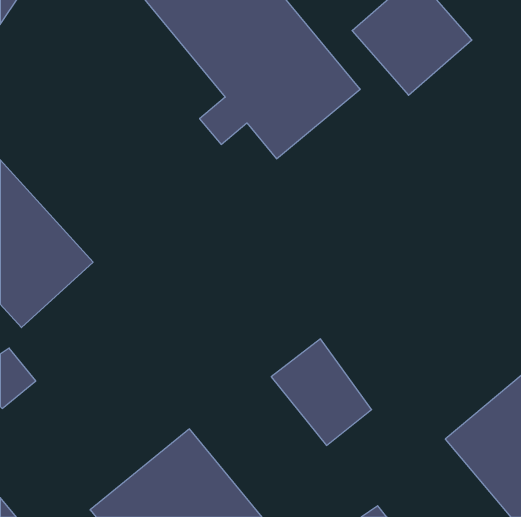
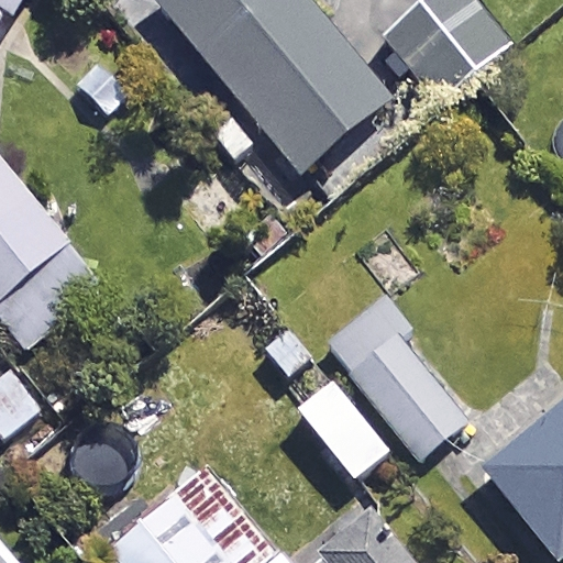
building: none -> [331,306,467,457]

